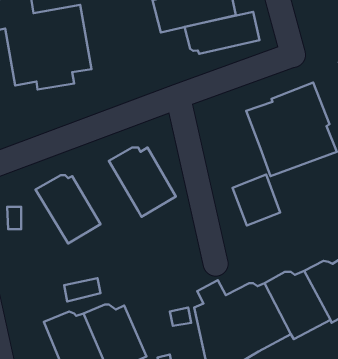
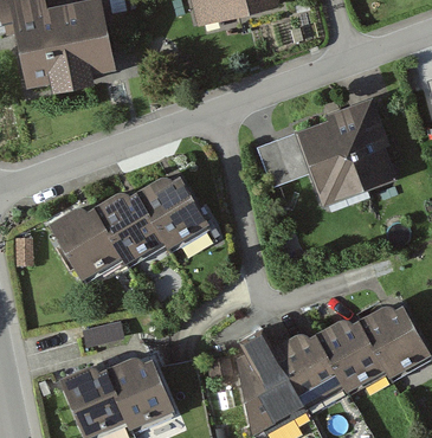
building: [185,12,260,54] -> none
building: none -> [92,187,169,268]
building: [232,175,280,226] -> [256,129,311,188]

